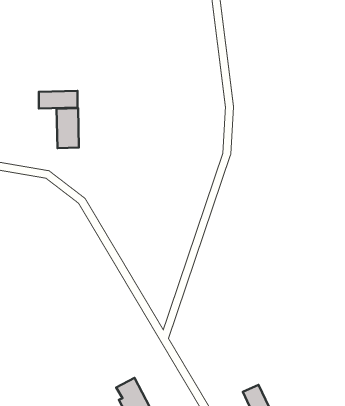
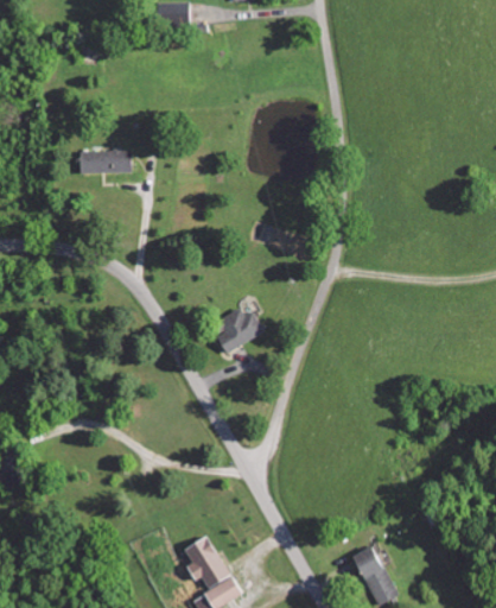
building: [56,108,79,148] -> none
building: none -> [216,309,263,354]

